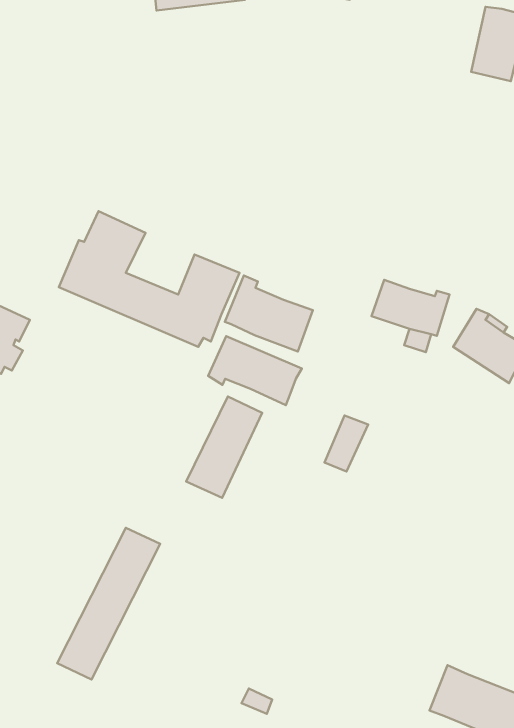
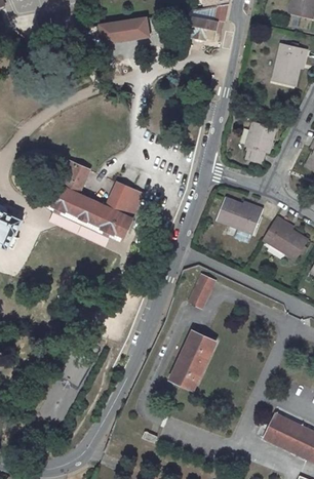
building: none -> [247,120,278,162]
building: [225,276,313,352] -> none
building: [208,336,302,405] -> none
building: [186,396,262,498] -> [172,330,215,388]

